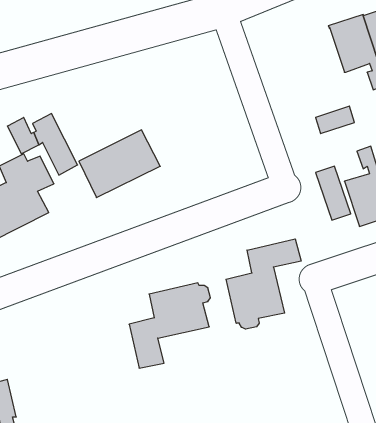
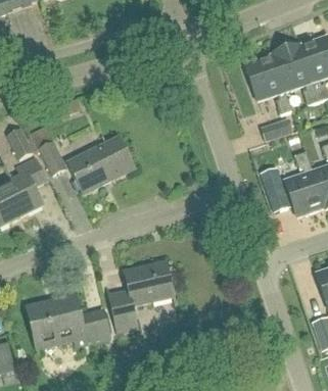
building: none -> [244,53,291,113]
building: [226,239,301,329] -> none
building: none -> [27,293,110,349]

